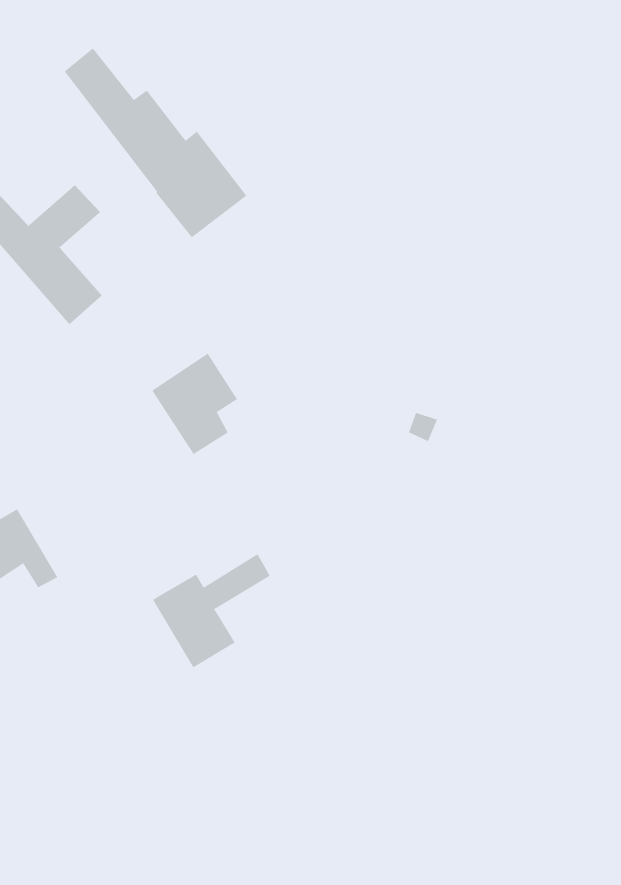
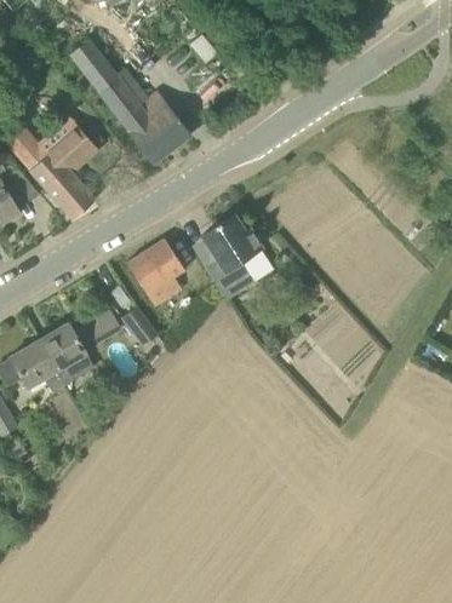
building: none -> [204,214,263,298]
building: none -> [121,305,160,346]
building: [152,553,271,668] -> [40,309,118,384]

